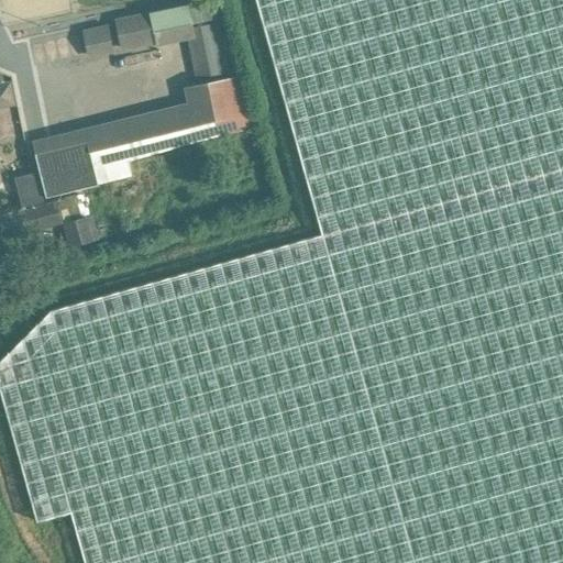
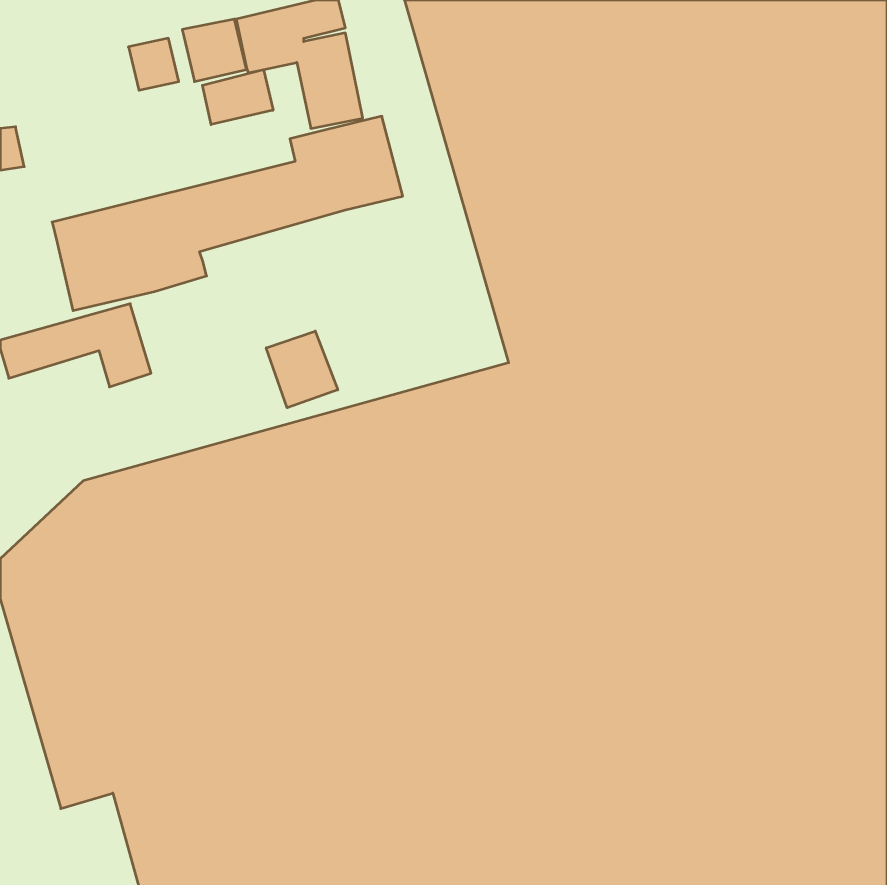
building: none -> [202,70,273,125]
building: [15,174,43,208] -> none
building: none -> [266,331,338,408]

